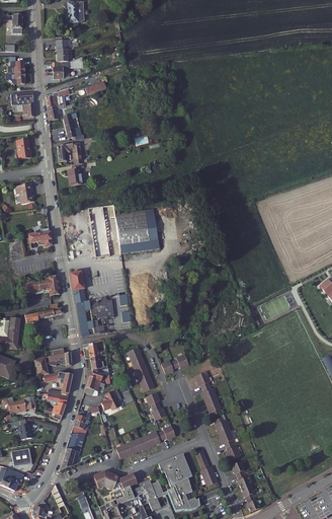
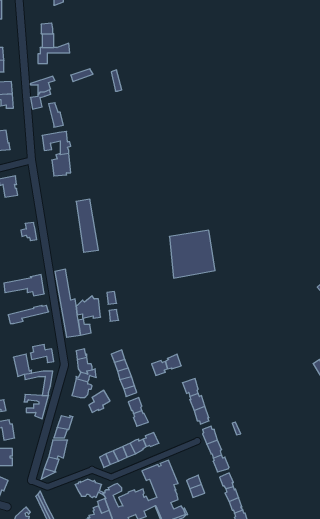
building: [119,208,163,253] -> [169,230,215,278]

